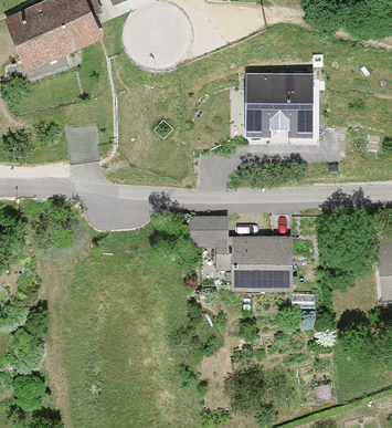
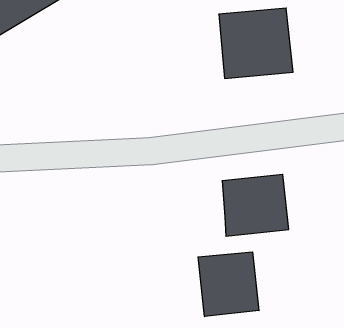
building: [188,226,233,270] -> none
building: none -> [198,252,259,317]

